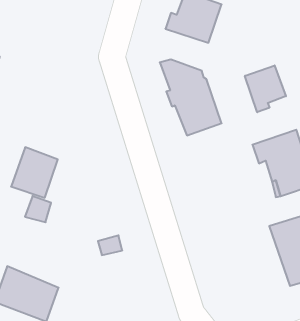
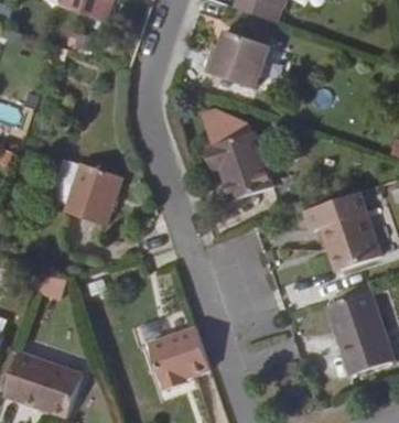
building: [245,65,286,112] -> none
building: [11,147,58,198] -> [64,165,119,225]
building: none -> [145,332,204,394]

